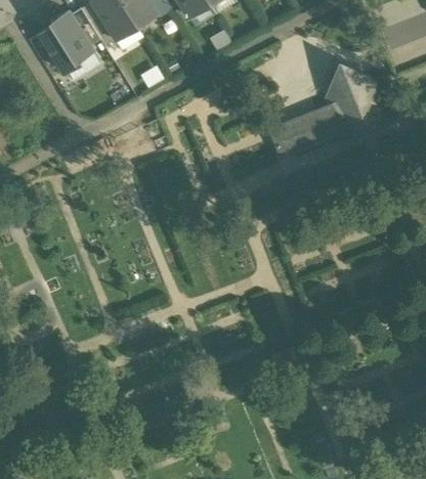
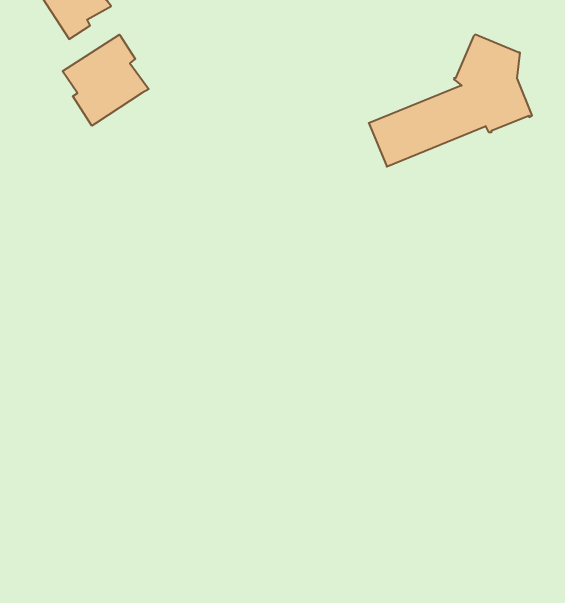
building: none -> [63,35,149,126]

